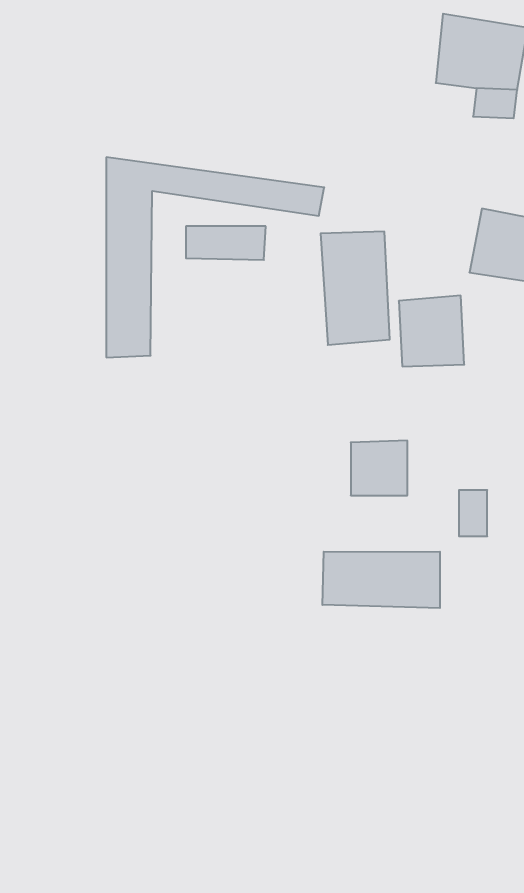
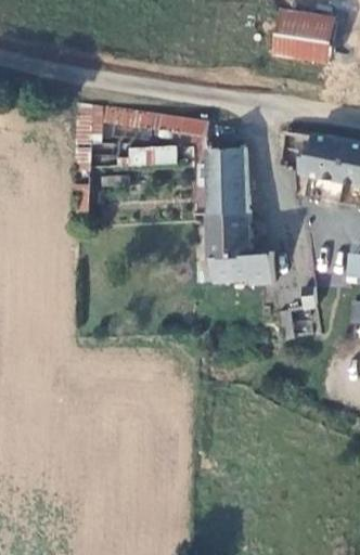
building: [399,296,464,366] -> [210,214,250,257]
building: [322,552,440,608] -> none

